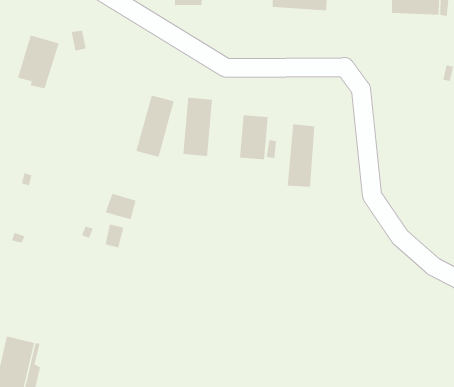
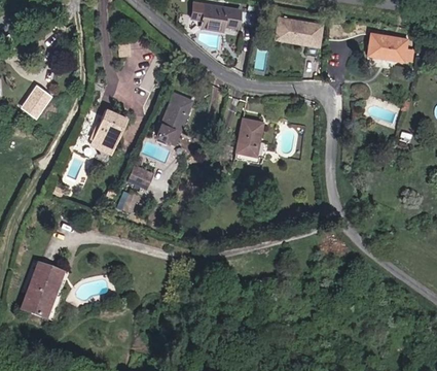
building: [17,35,59,89] -> [92,108,128,151]
building: [183,97,213,157] -> none
building: [287,124,315,187] -> none

